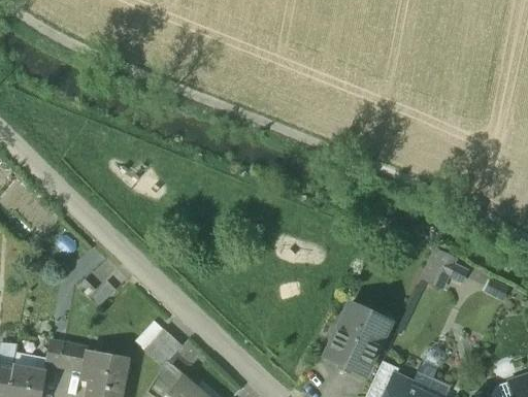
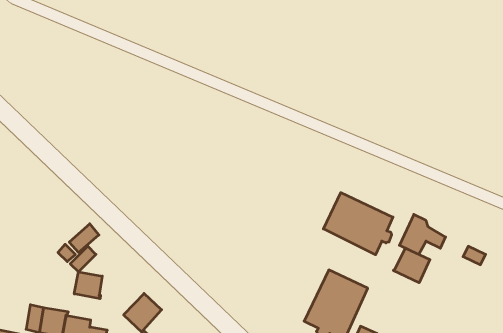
building: none -> [323,193,393,255]
building: none -> [393,248,430,283]
building: none -> [74,272,102,299]

